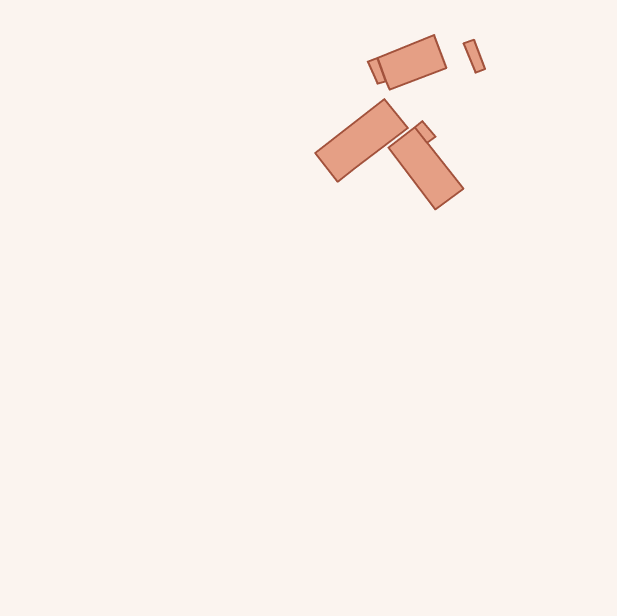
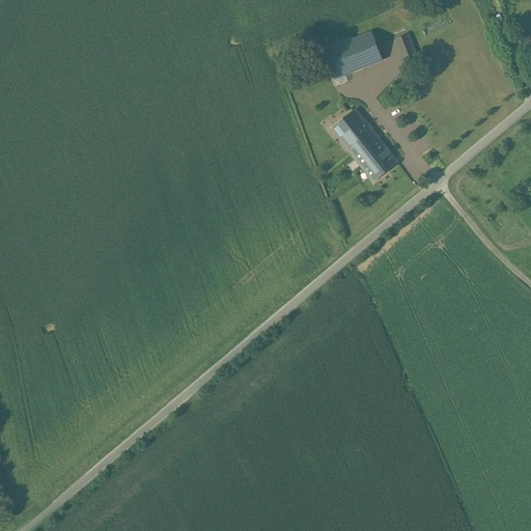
building: [315,99,408,182] -> none

